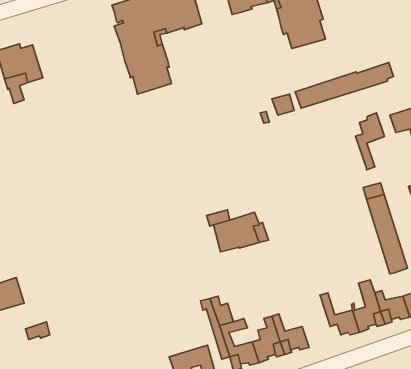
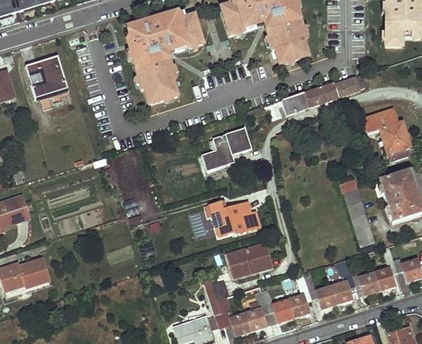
building: [356,113,384,170] -> none
building: none -> [204,127,252,169]
building: none -> [226,241,271,277]
building: none -> [288,275,312,318]

